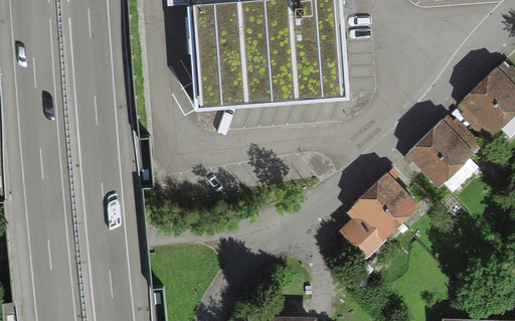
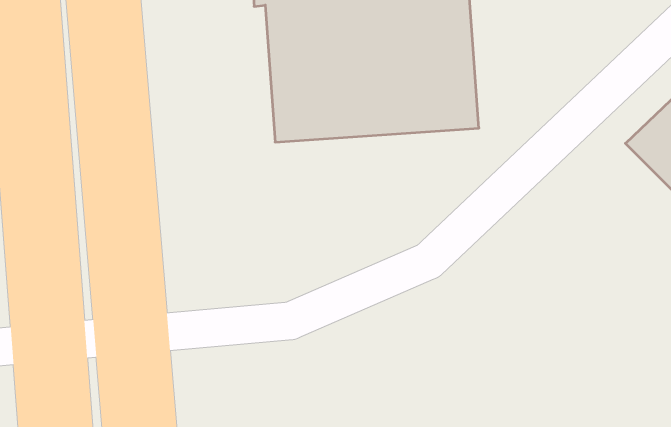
building: [404,119,477,190] -> none
building: [331,171,419,259] -> none

